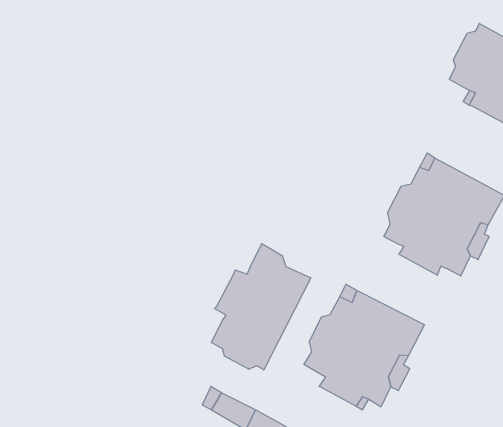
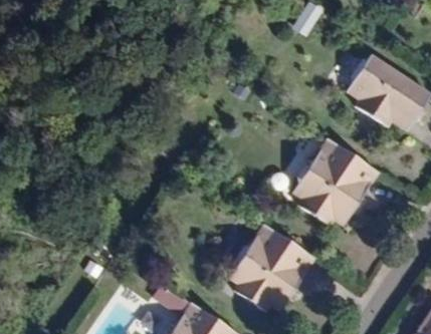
building: [211,244,311,370] -> none

